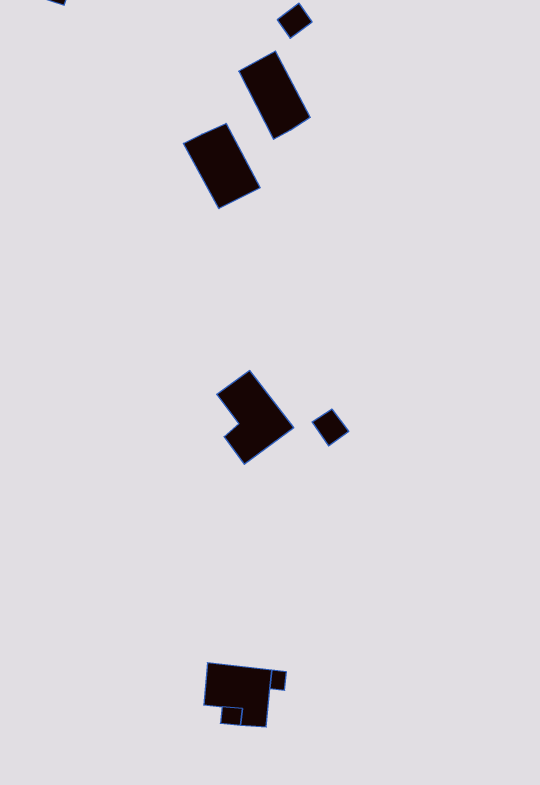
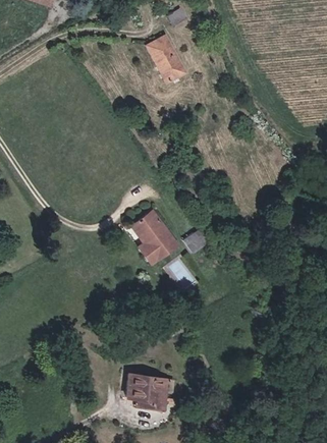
building: [183,123,260,209] -> none

